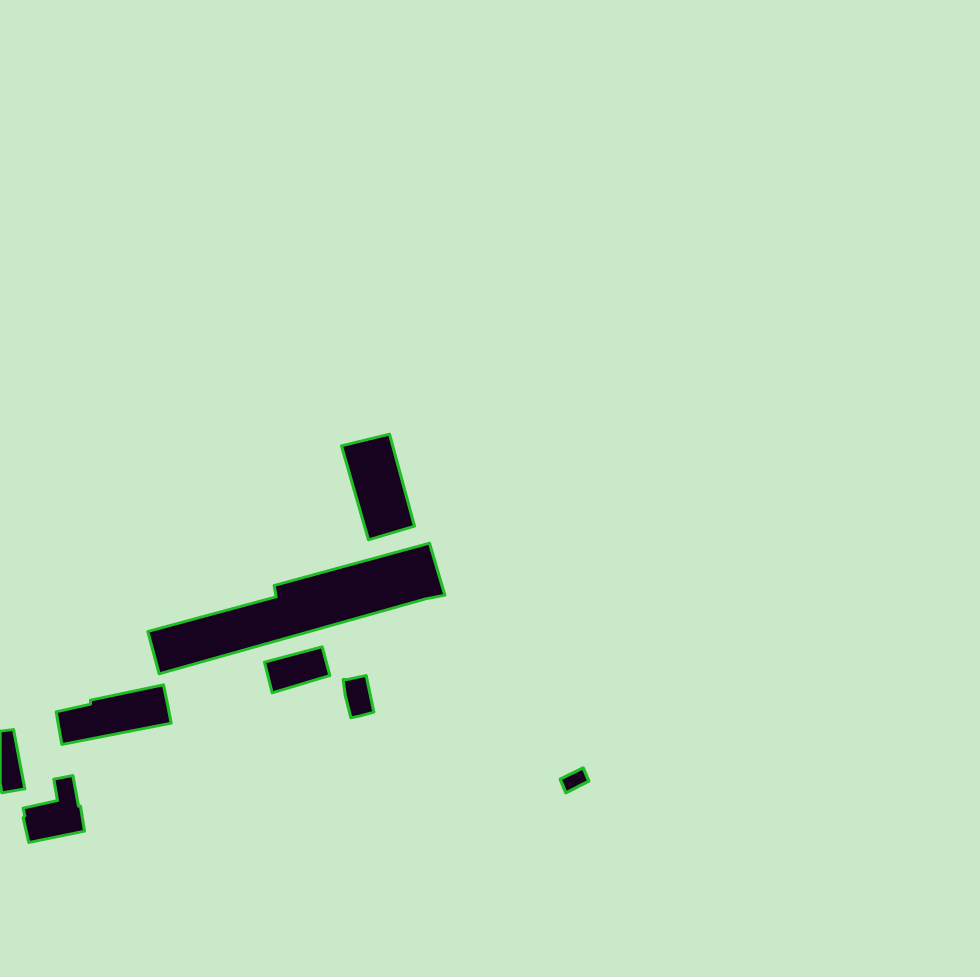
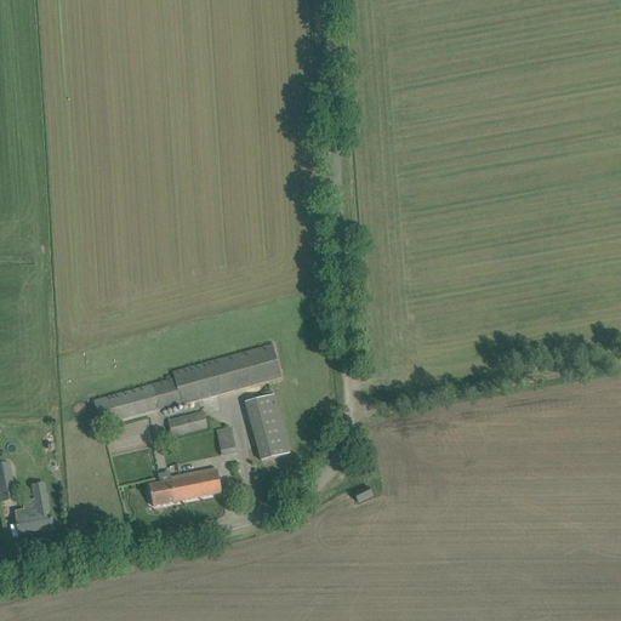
building: [342,434,415,540] -> [244,393,290,460]
building: [56,685,171,744] -> [149,467,222,505]

